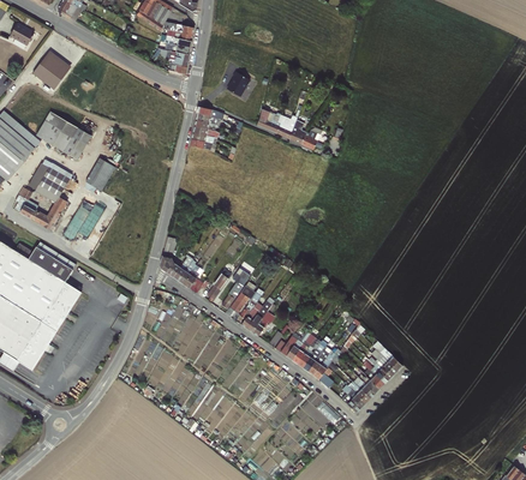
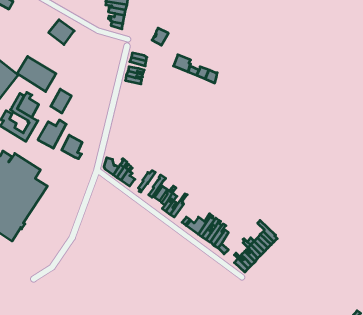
building: [34,54,70,89] -> [49,20,74,45]
building: none -> [62,135,82,159]

